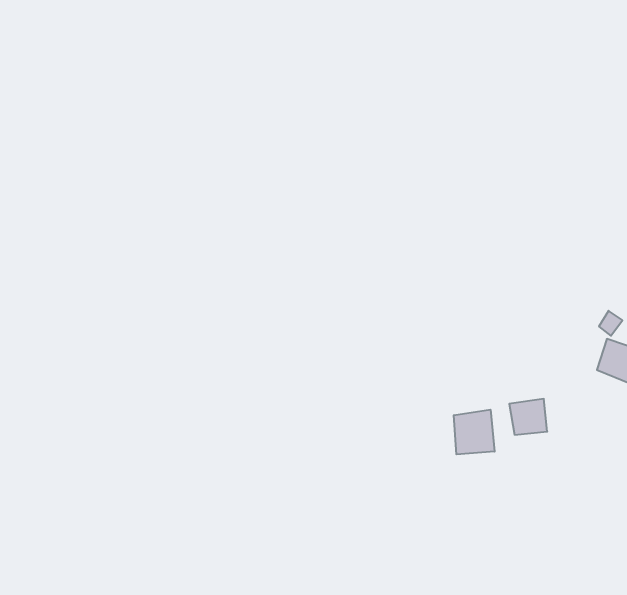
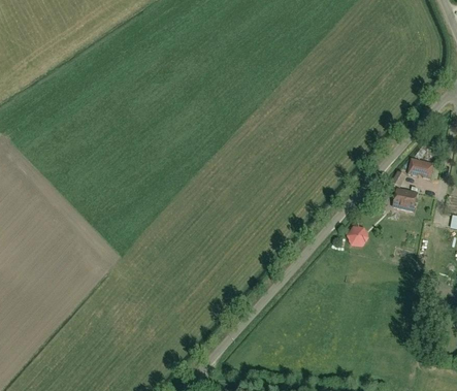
building: [454,410,495,454] -> none

